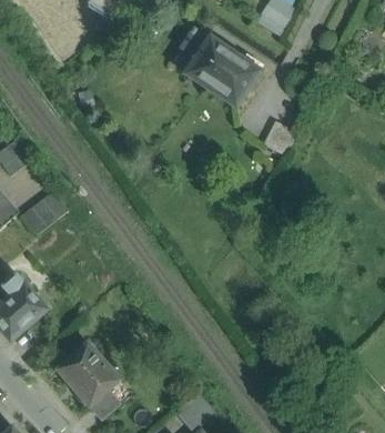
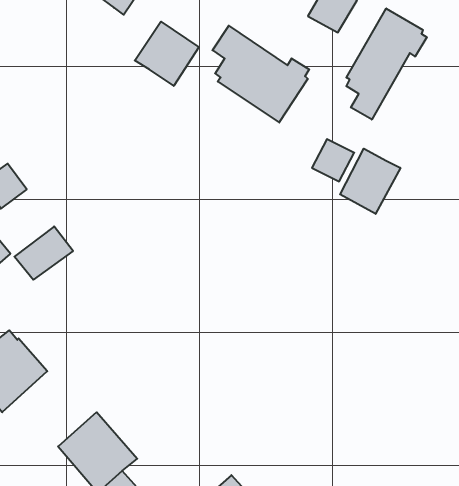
building: none -> [346,8,427,120]
building: none -> [135,22,199,86]
building: none -> [340,149,400,214]

